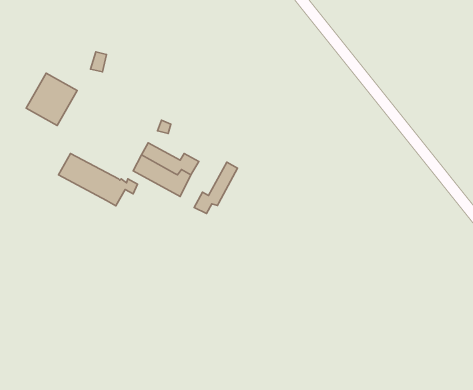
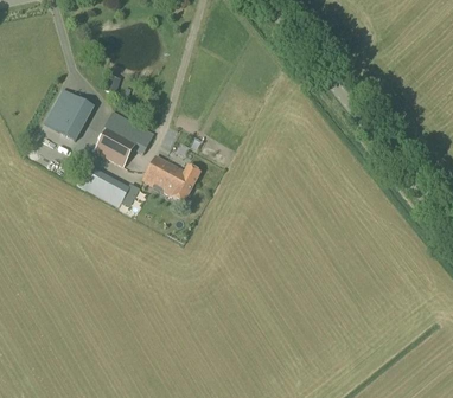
building: none -> [94,110,153,166]
building: [194,162,238,214] -> none

